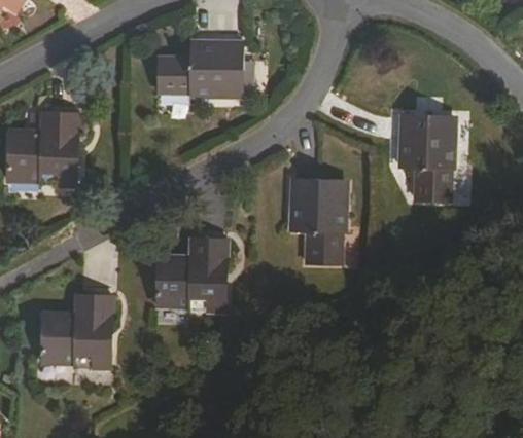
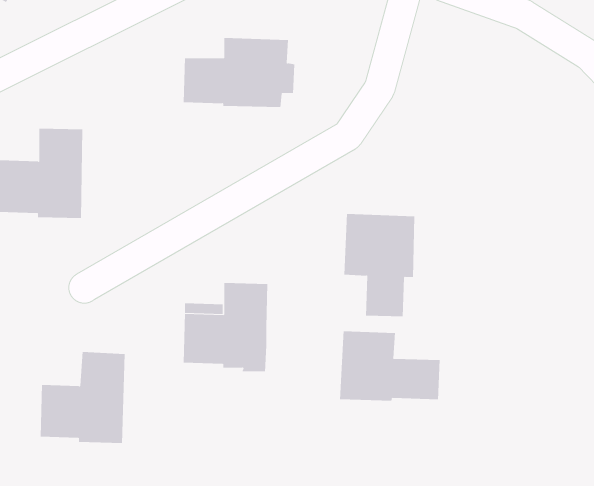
building: [399,113,454,199] -> none
building: none -> [340,331,440,402]

